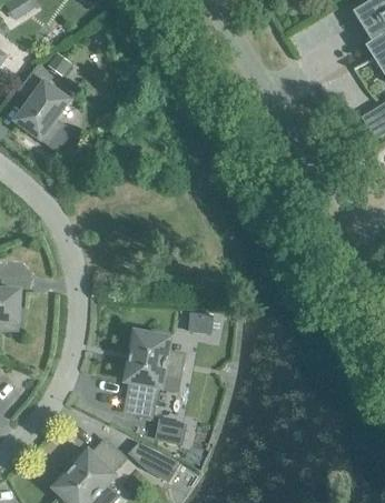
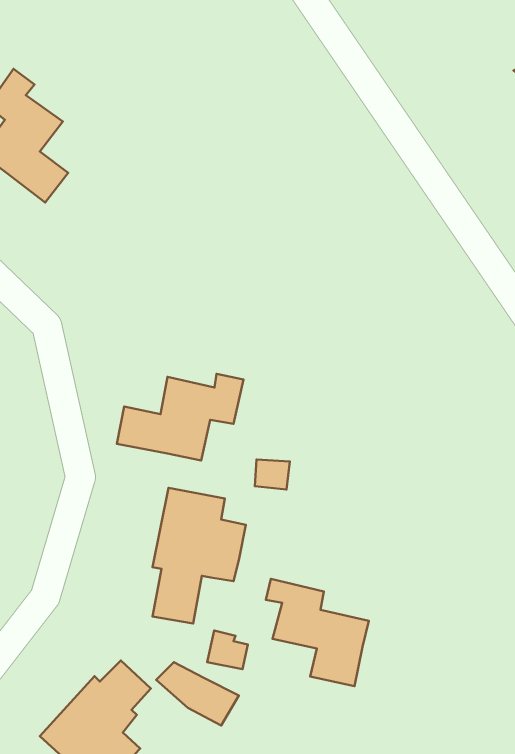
building: none -> [117,374,244,461]
building: none -> [266,579,369,686]

